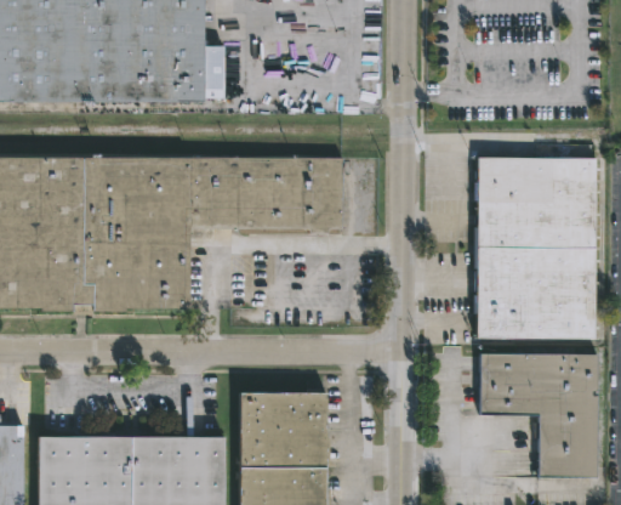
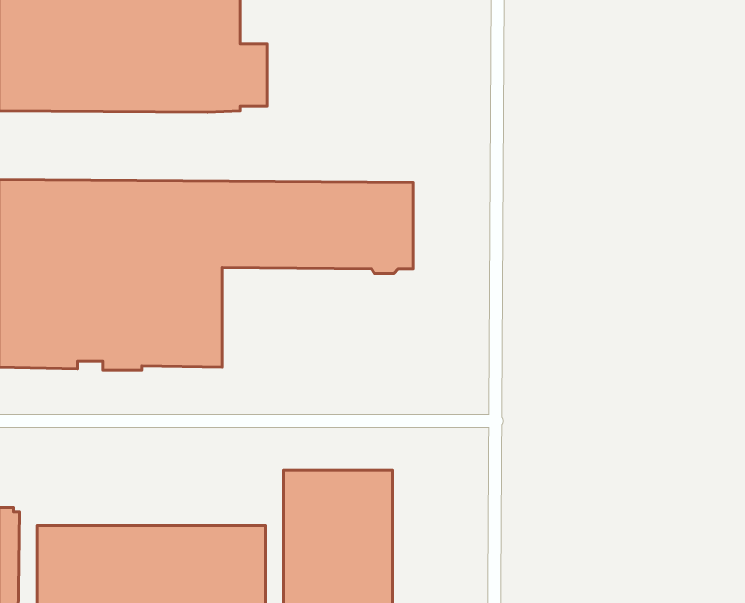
building: [478,158,598,340] -> none
building: [480,354,599,478] -> none

